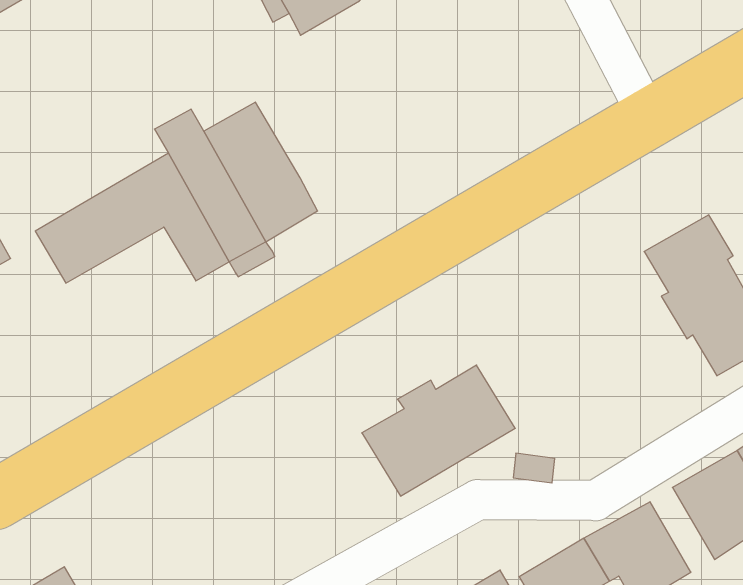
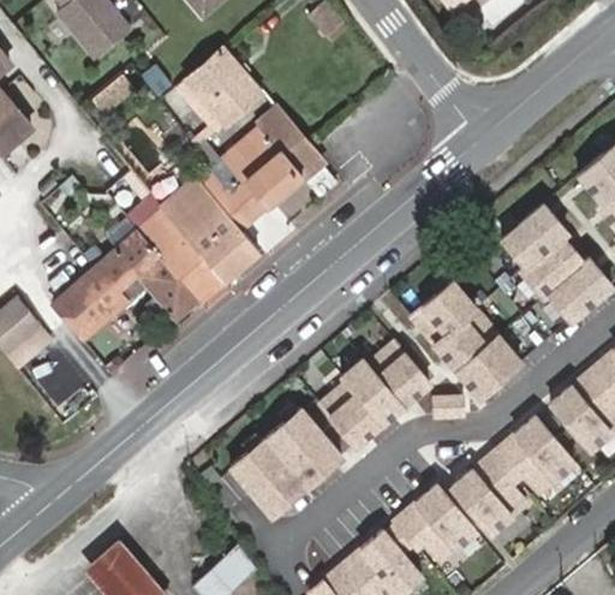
building: none -> [192,111,335,228]
building: none -> [410,280,519,395]
building: none -> [231,407,341,517]

